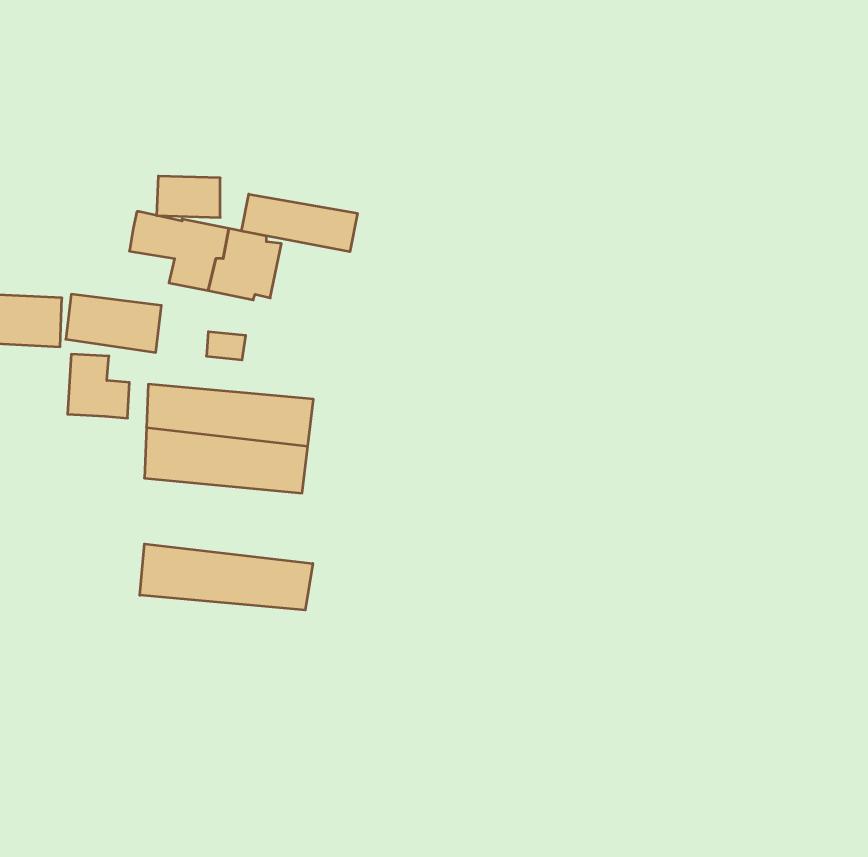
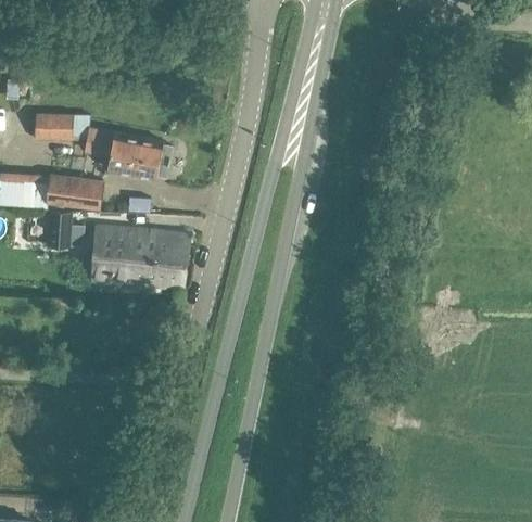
building: [156,176,220,217] -> [35,113,72,137]
building: [242,194,357,252] -> none
building: [140,544,313,610] -> none

